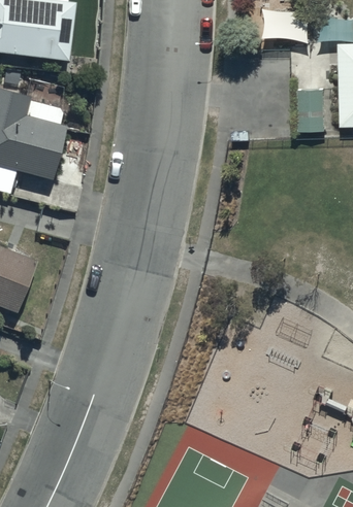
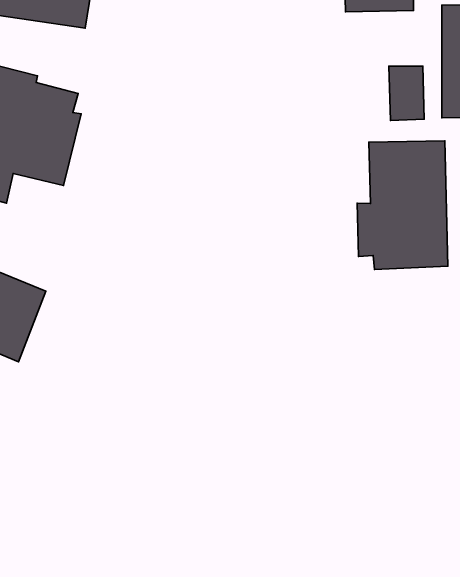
building: none -> [357,141,448,270]

